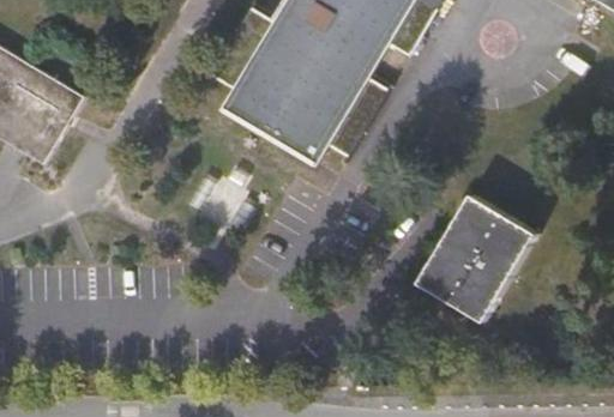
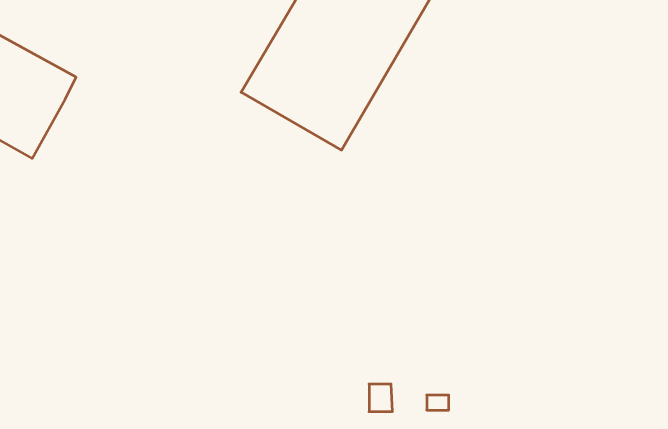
building: [421,197,538,322] -> none

